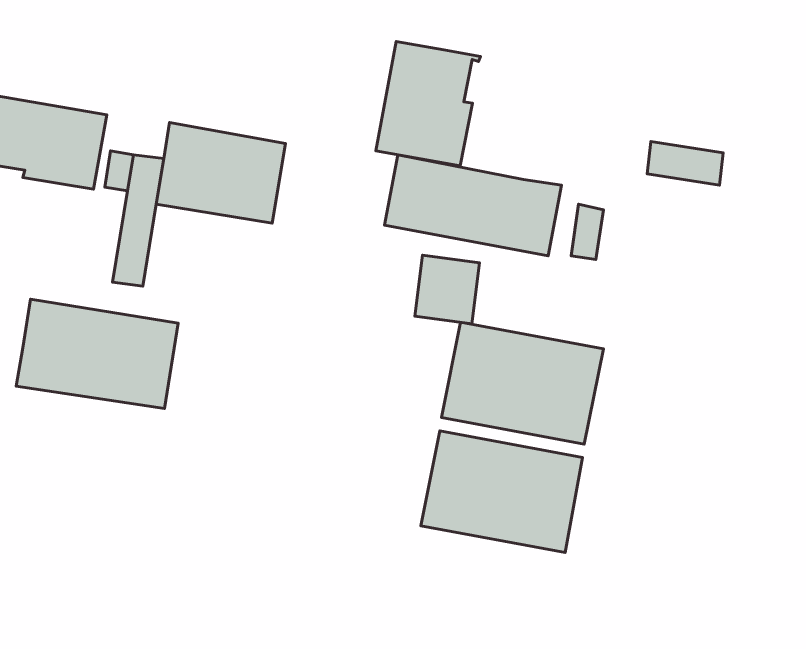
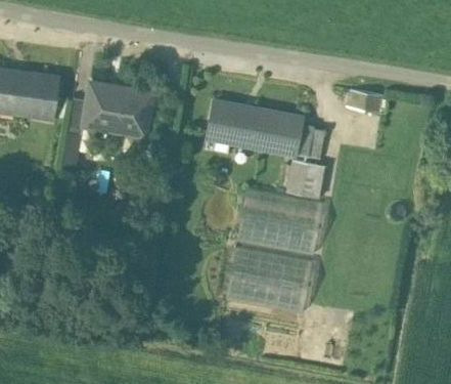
building: [376,41,480,166] -> none
building: [415,255,480,324] -> [290,163,325,200]
building: [16,299,178,408] -> none

